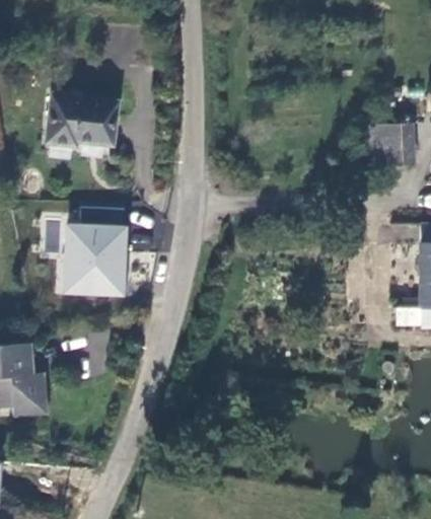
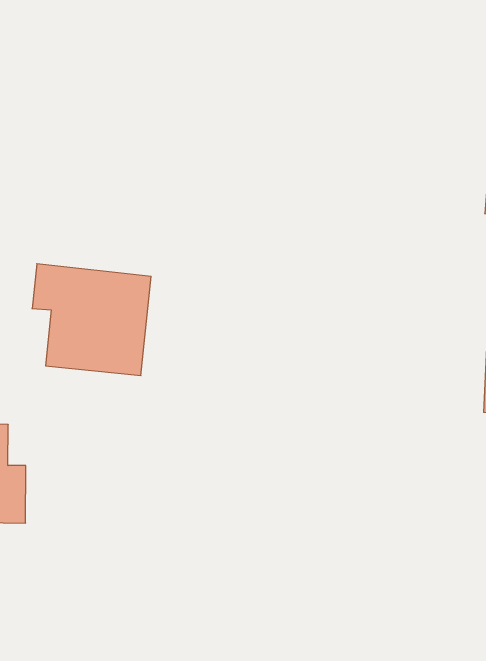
building: [47,94,119,147] -> none

